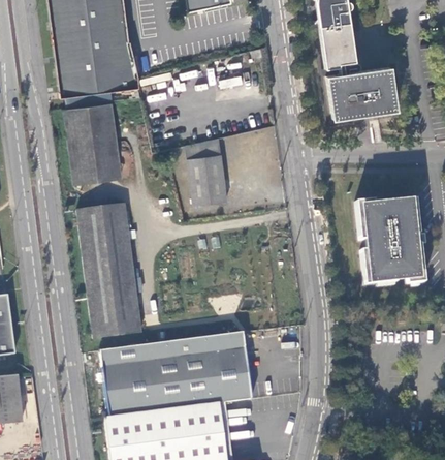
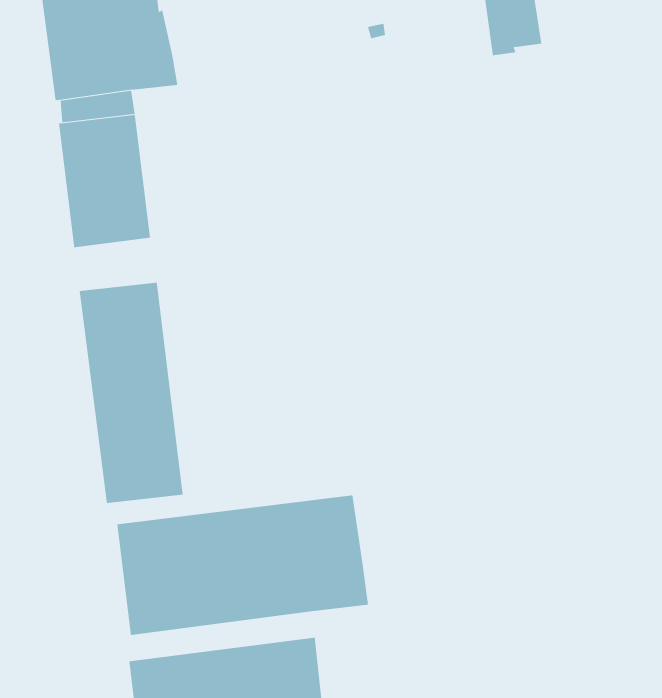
building: [327,67,396,118] -> none
building: [187,139,227,205] -> none
building: [354,200,421,285] -> none
building: [105,403,220,433] -> none

